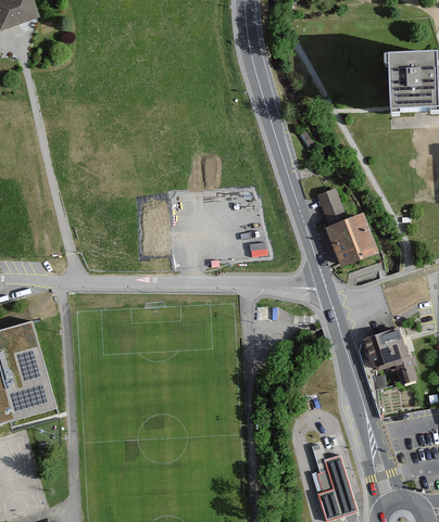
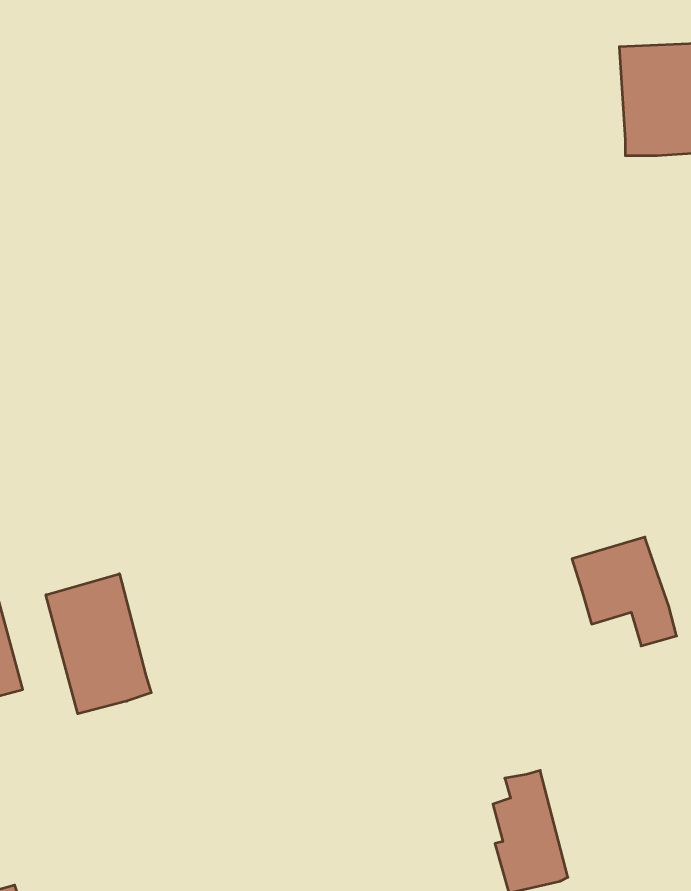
building: [315,188,376,266] -> none
building: none -> [46,574,151,714]

